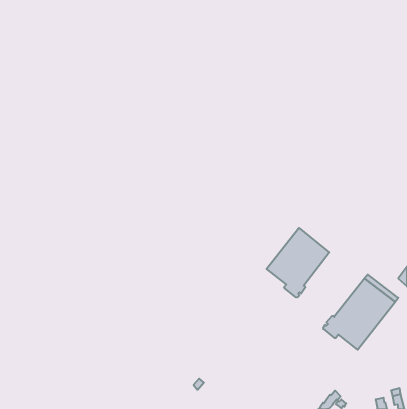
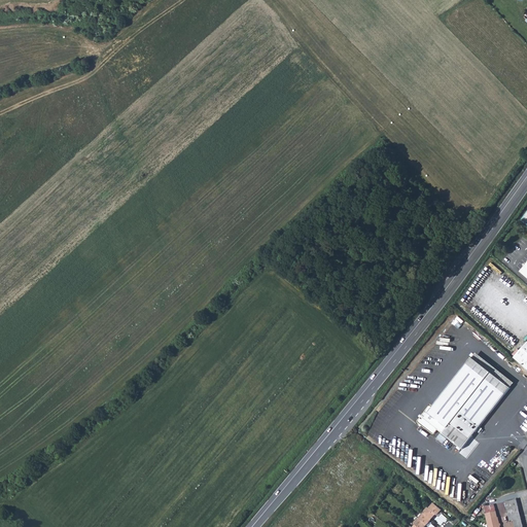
building: [267,228,329,297] -> none

